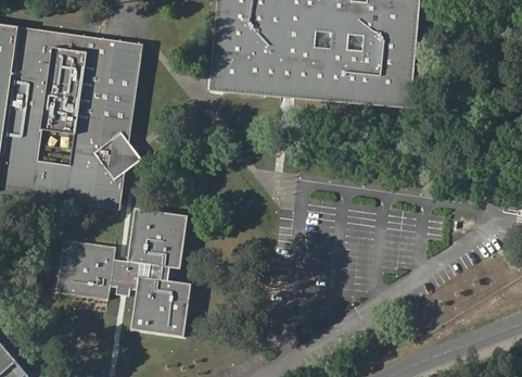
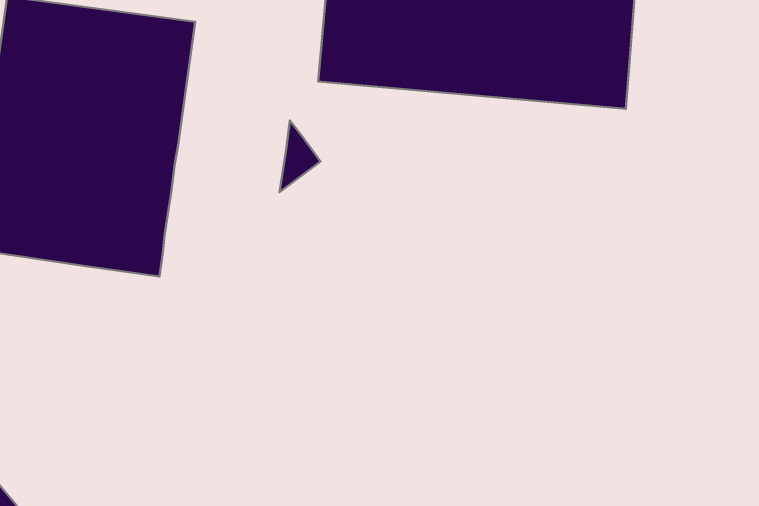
building: [119,136,145,181] -> [279,121,320,192]
building: [52,210,189,338] -> none

